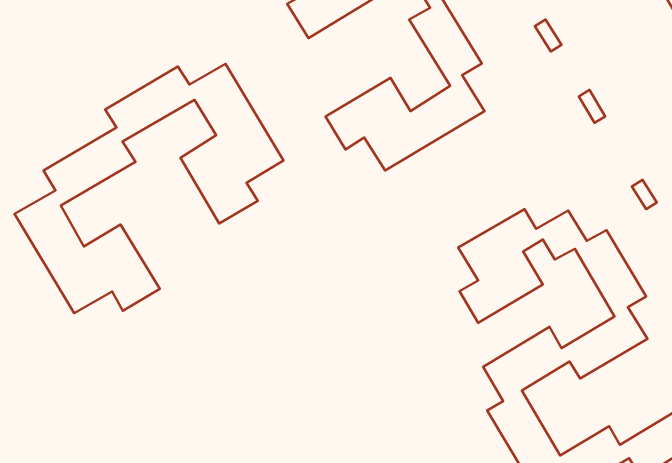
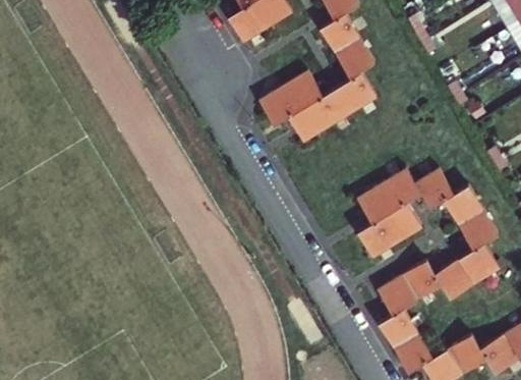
building: [15,64,283,313] -> none

